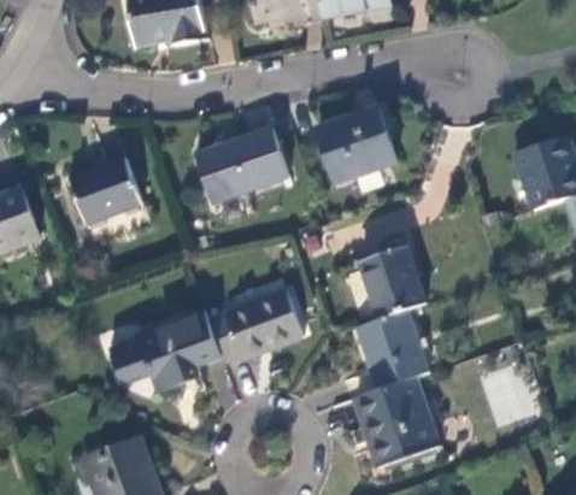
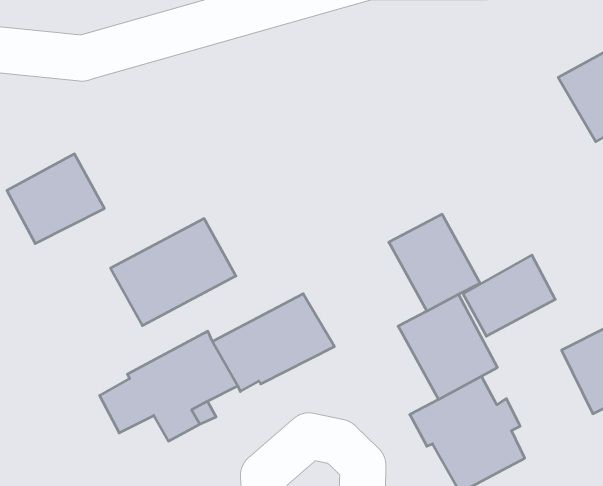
building: [311,106,401,184] -> none
building: [192,130,288,206] -> [111,219,236,326]
building: none -> [463,255,555,336]

